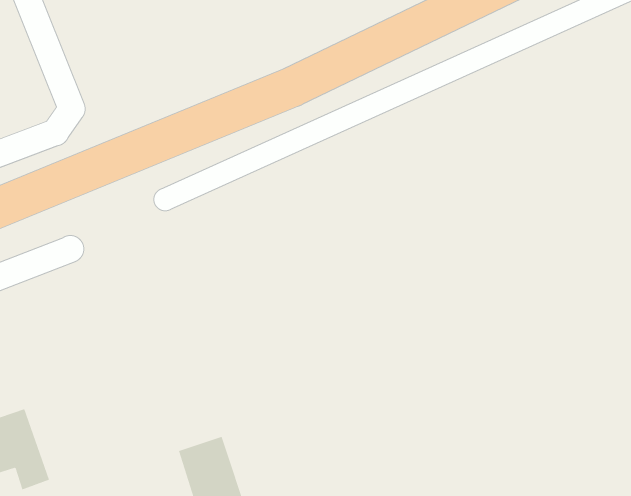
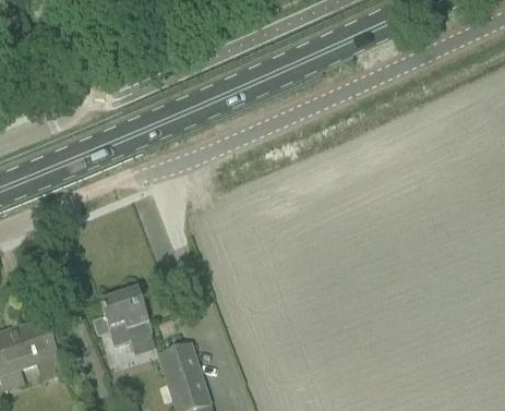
building: none -> [100,289,152,347]

